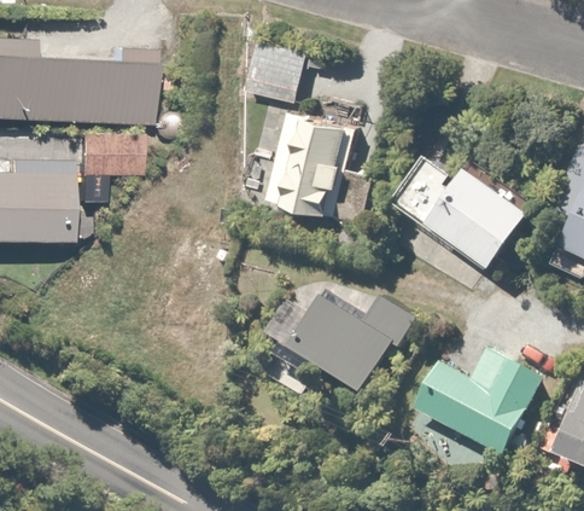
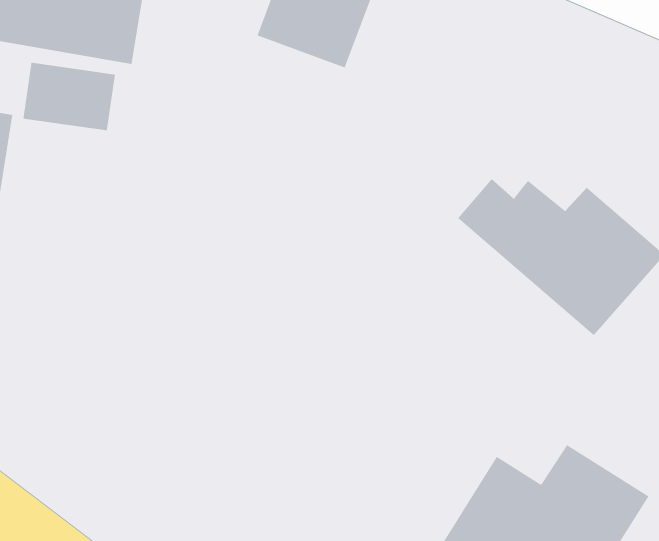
building: [252,105,351,216] -> none
building: [273,296,417,400] -> none

